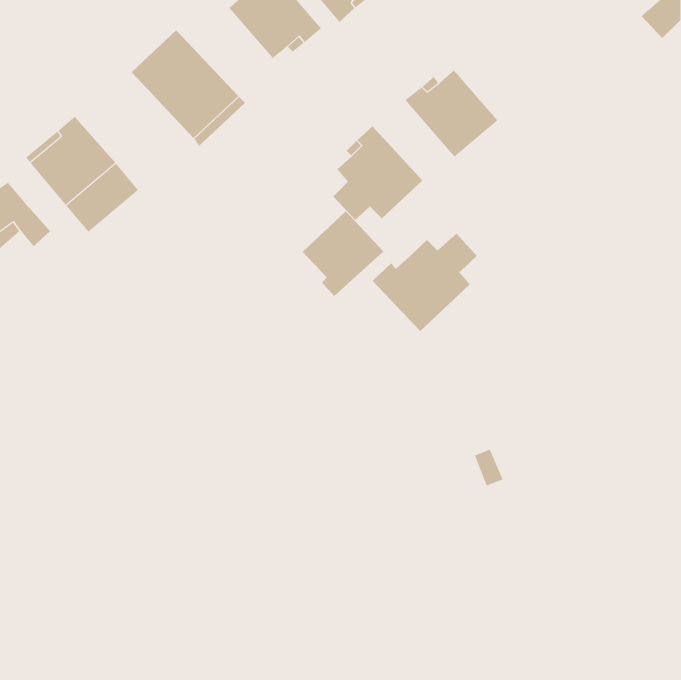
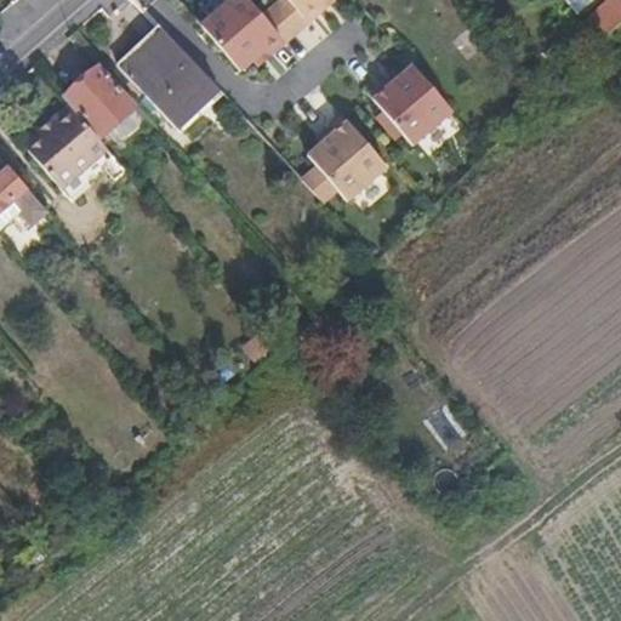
building: none -> [63,63,136,137]
building: [302,211,384,297] -> none
building: [372,233,478,332] -> none

